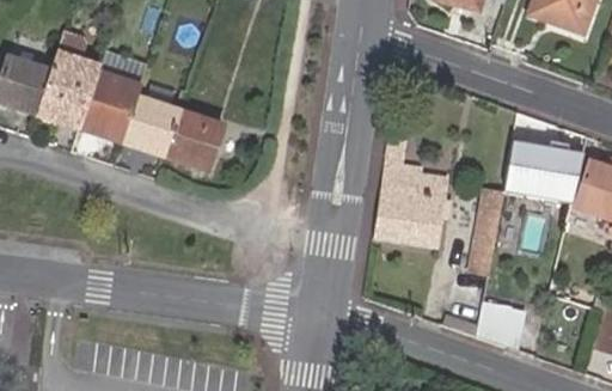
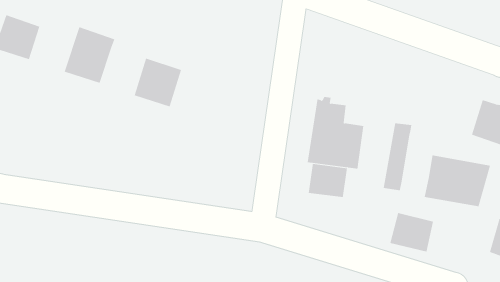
building: [37,51,99,126] -> none
building: [123,96,178,154] -> none
building: [503,143,585,207] -> [424,155,491,207]
building: none -> [308,163,347,198]

